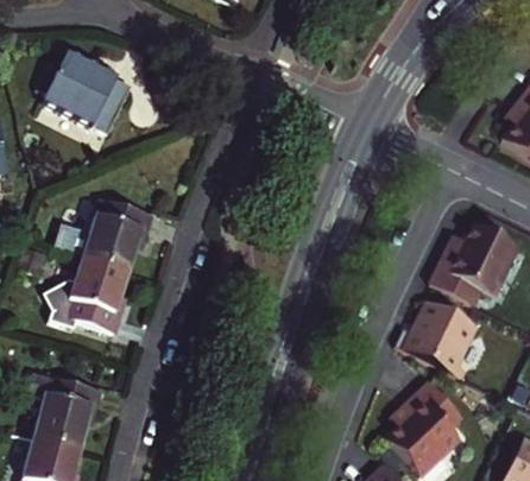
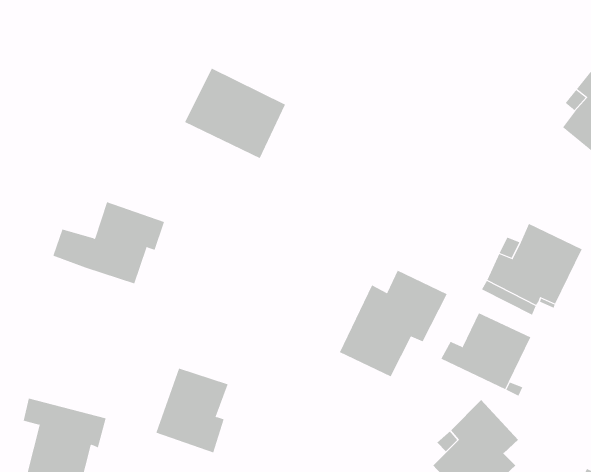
building: [43,56,132,135] -> [184,68,286,159]
building: [62,262,126,337] -> [156,368,229,453]
building: none -> [339,270,447,377]

